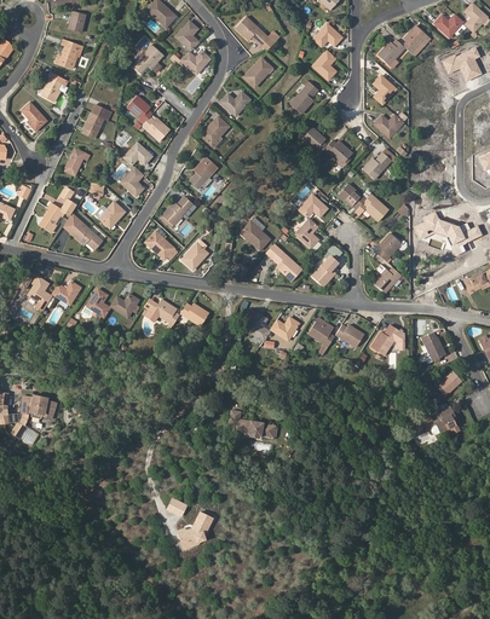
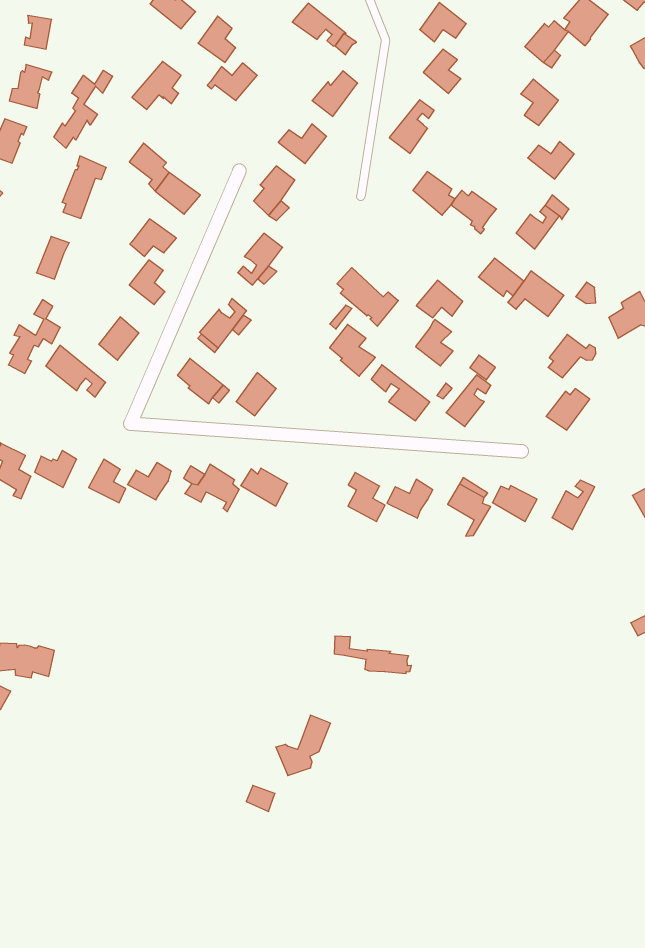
building: none -> [54,70,113,148]
building: none -> [337,268,398,326]
building: [178,511,213,548] -> [276,715,331,776]

